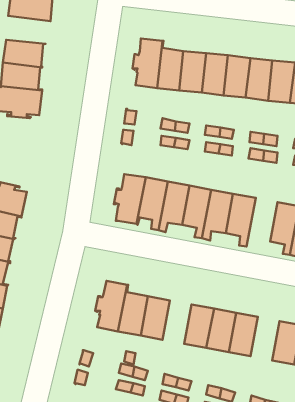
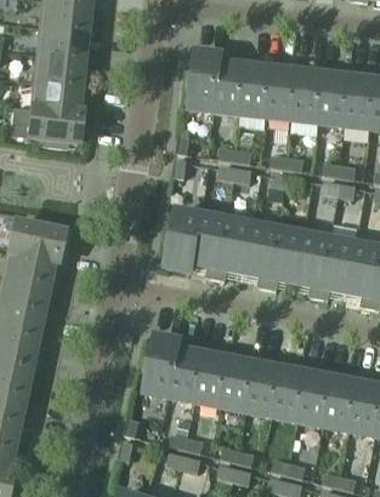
building: none -> [38,27,90,59]
building: none -> [319,240,356,299]
building: none -> [221,360,255,411]
building: none -> [324,379,358,430]

